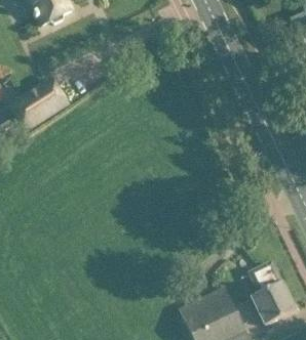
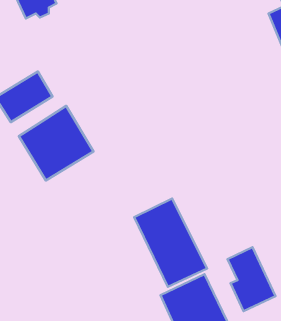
building: none -> [19,106,94,180]
building: none -> [134,199,207,287]

